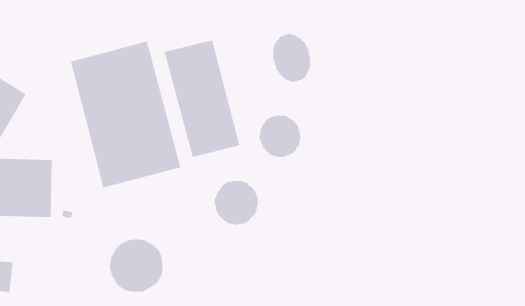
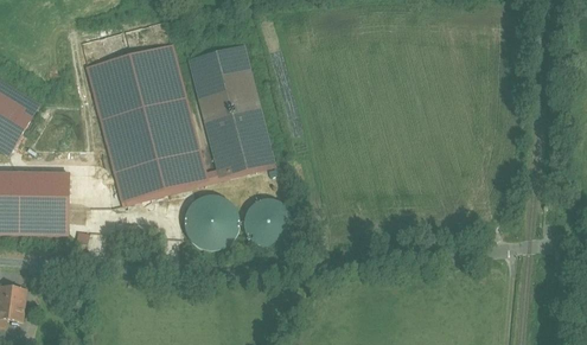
building: [273,33,311,83] -> none
building: [259,115,301,158] -> none
building: [109,239,164,292] -> [180,193,240,251]

